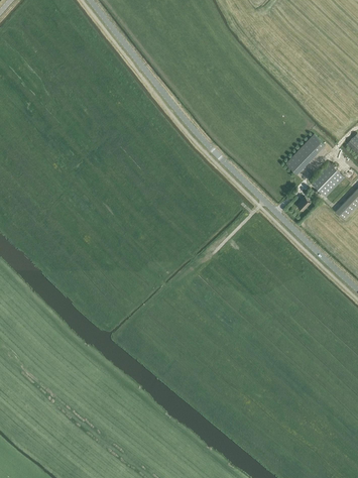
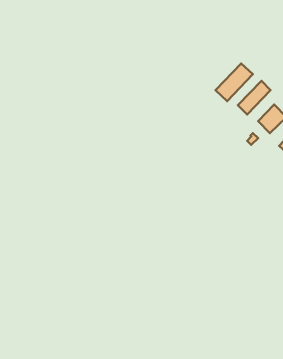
building: none -> [215,63,253,101]

